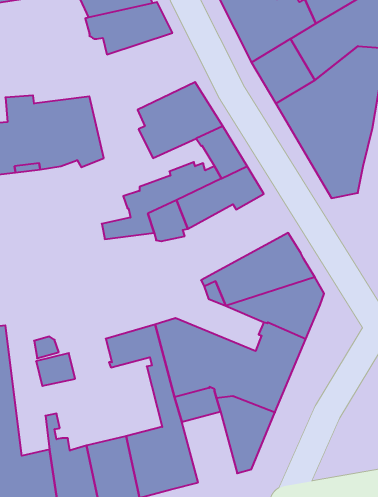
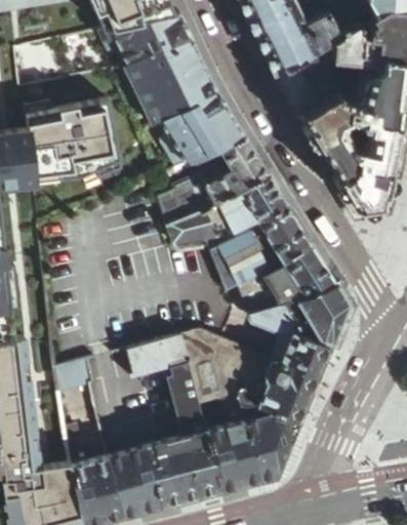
building: none -> [122,43,215,124]
building: none -> [206,204,309,290]
building: none -> [202,421,257,492]

